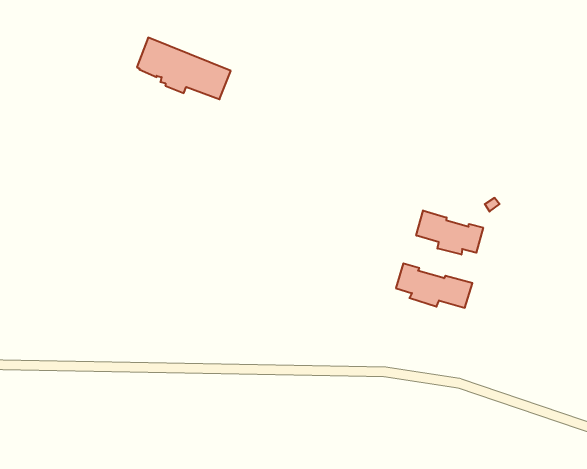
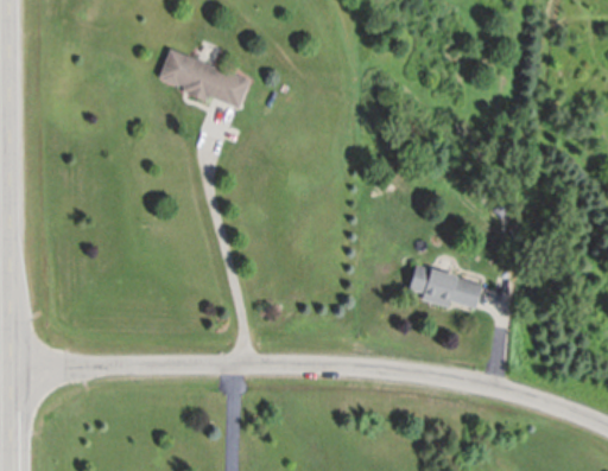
building: [416,210,483,255] -> none

